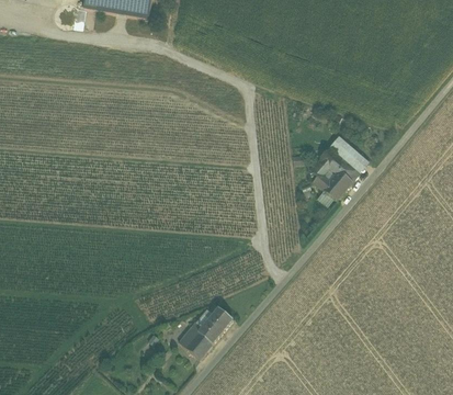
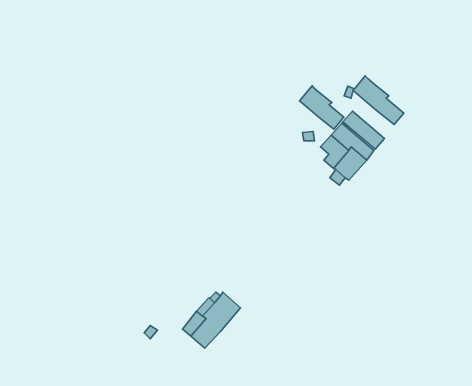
building: none -> [353,76,404,124]
building: none -> [300,86,344,129]

